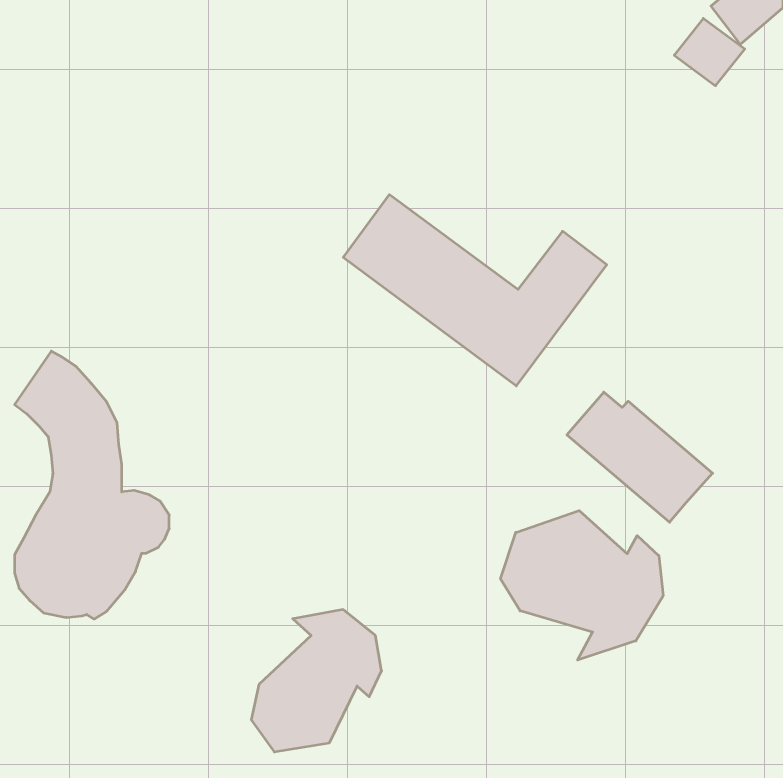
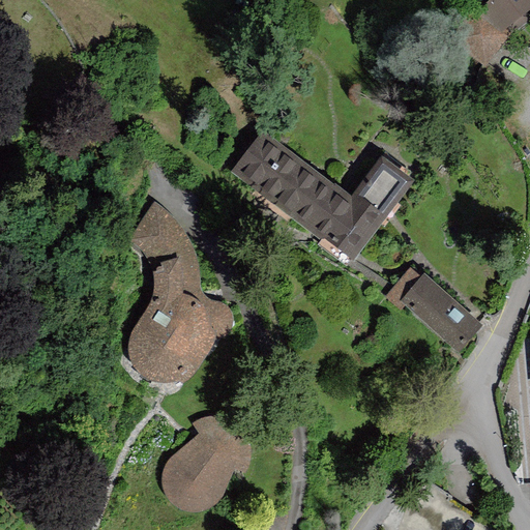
building: [15,351,169,619] -> [127,201,232,382]
building: [501,511,663,660] -> none

